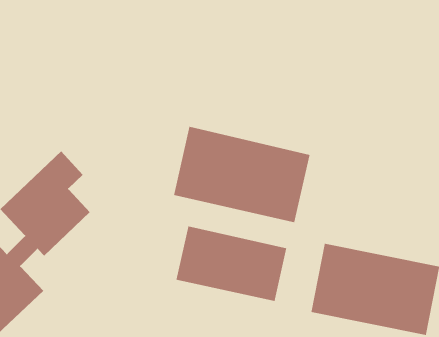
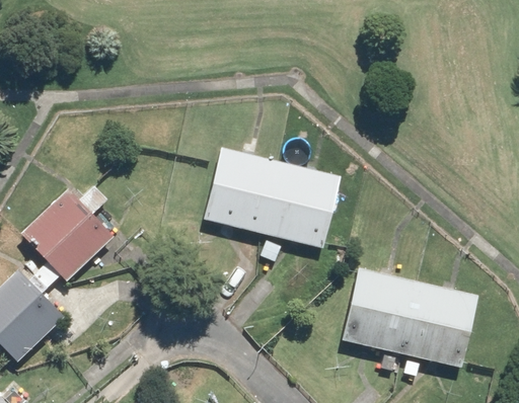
building: [176,225,287,302] -> none

